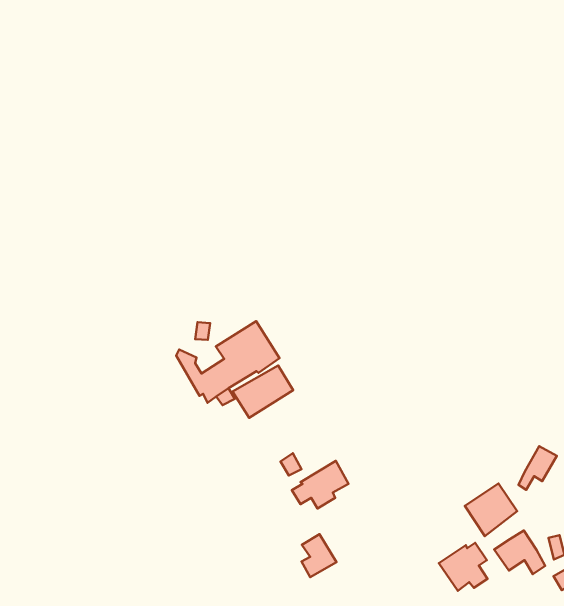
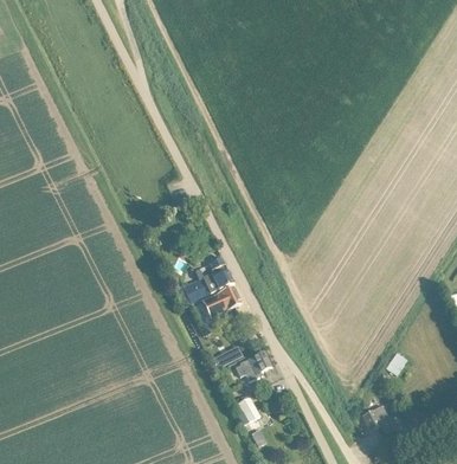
building: [465,484,517,536] -> none
building: [439,543,487,591] -> none

